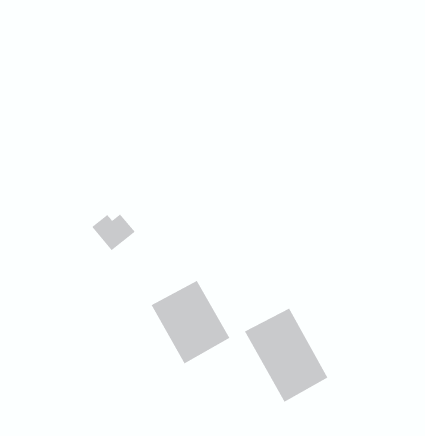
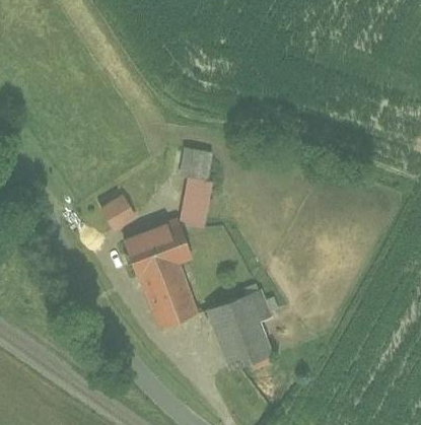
building: none -> [179,148,211,227]
building: none -> [123,224,180,278]

